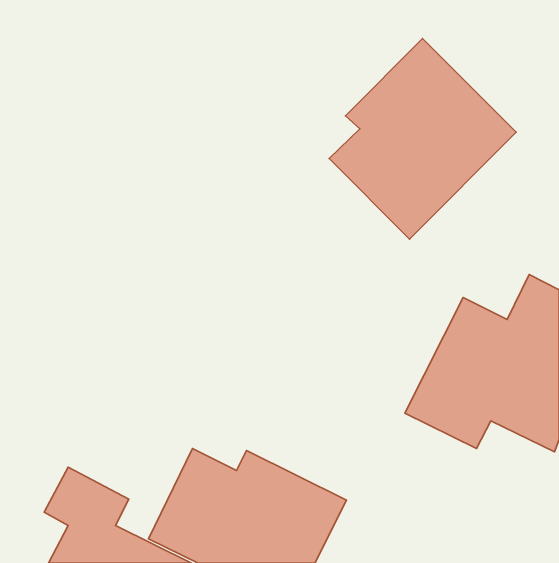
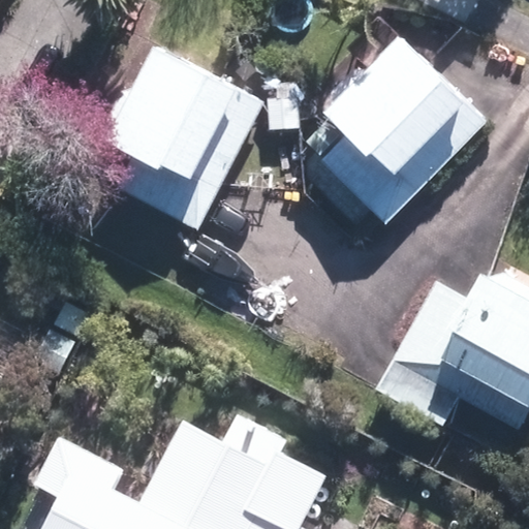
building: none -> [108,44,264,228]

